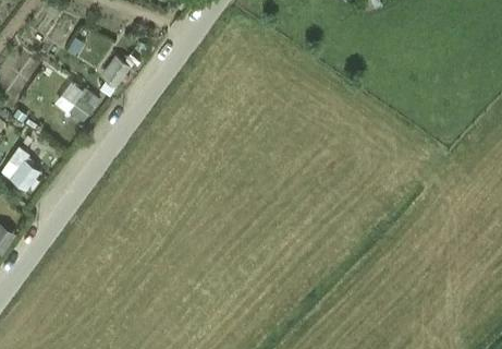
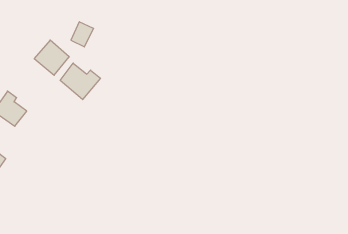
building: none -> [60,63,100,100]

